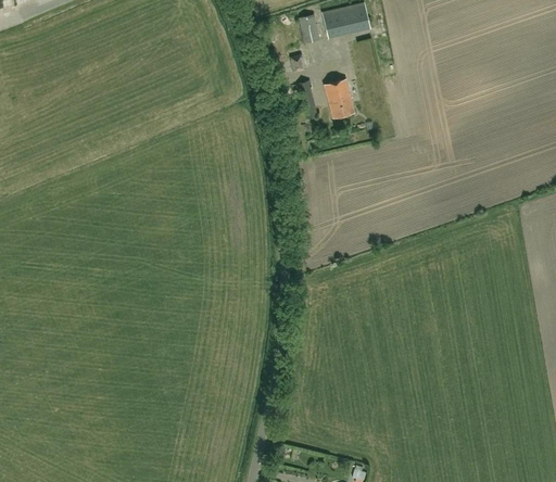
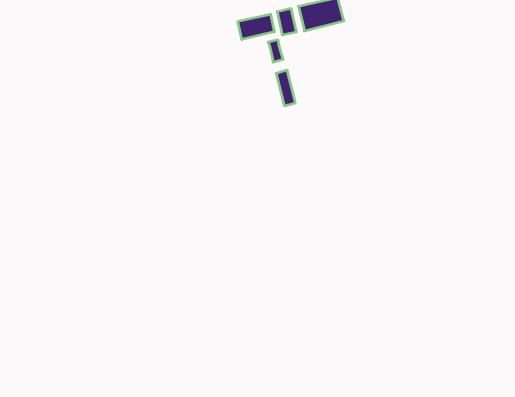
building: none -> [238,14,274,40]
building: [324,79,353,119] -> none

